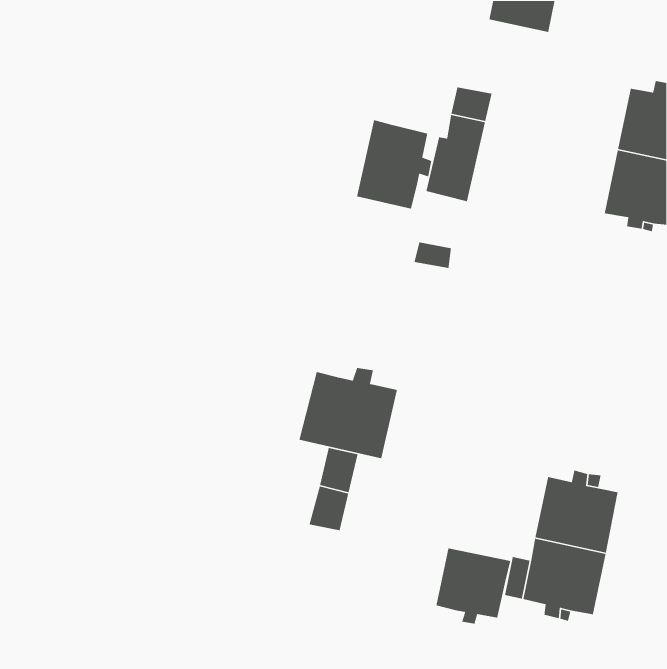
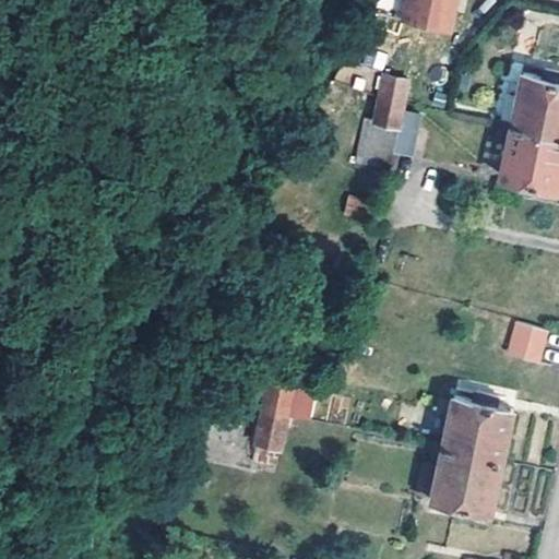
building: [356,119,432,209] -> none
building: [298,367,398,459] -> none
building: none -> [507,321,548,364]
building: [435,547,511,624] -> none

